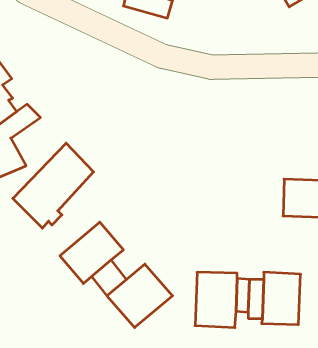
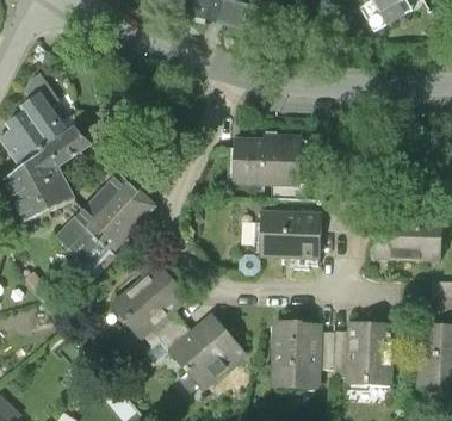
building: none -> [235,140,301,182]
building: none -> [260,213,318,256]

